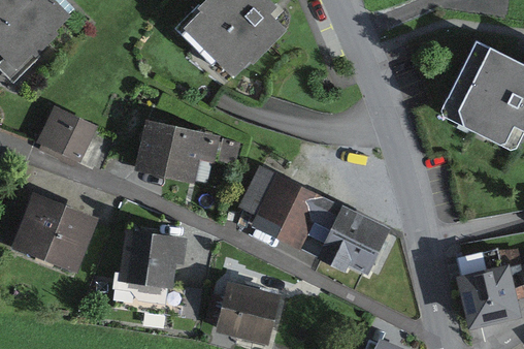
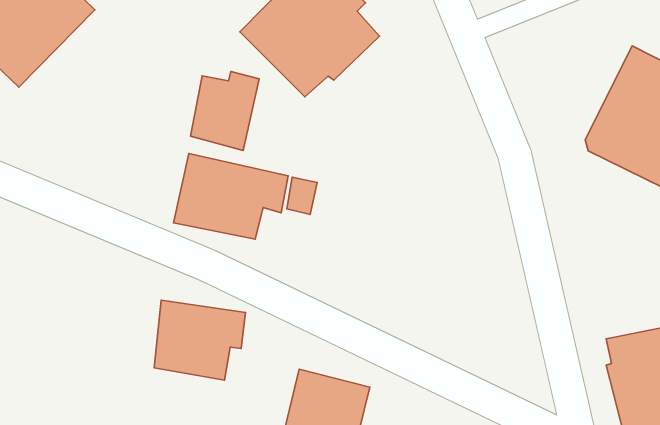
building: none -> [190,72,259,151]
building: [36,105,98,162] -> none
building: [239,165,390,276] -> none
building: [11,192,99,274] -> none

